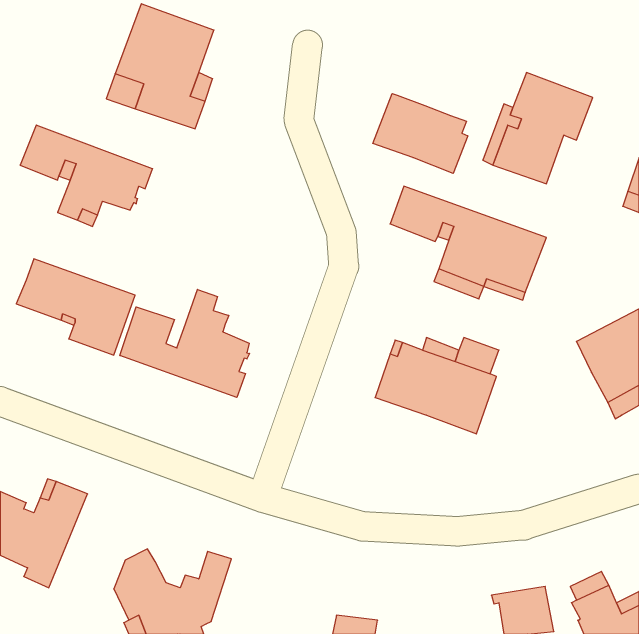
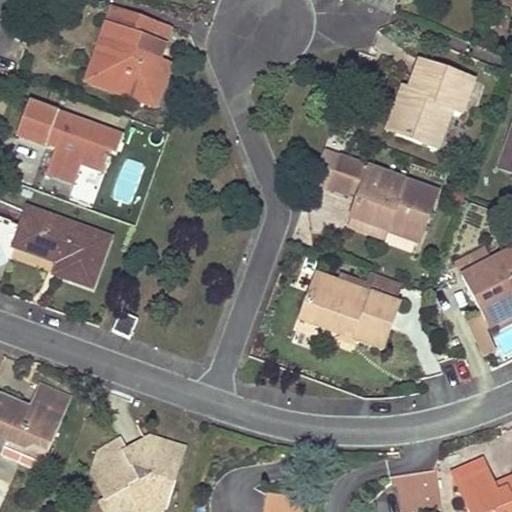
building: [373,94,468,173] -> none
building: [120,289,250,397] -> none
building: none -> [124,434,166,470]

